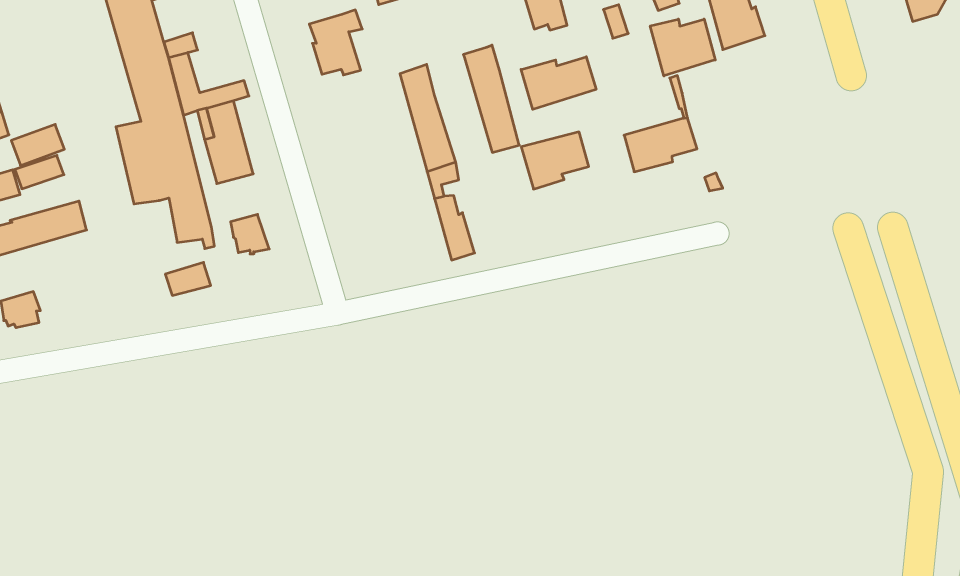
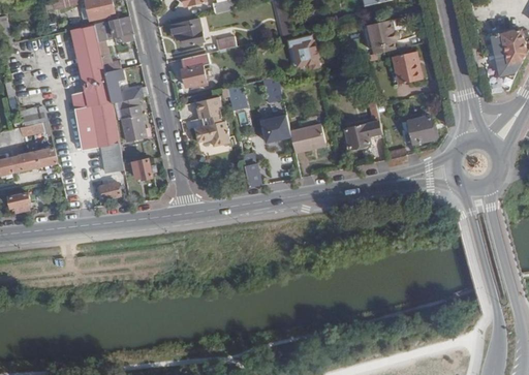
building: [650,19,715,76] -> none
building: [521,57,596,109] -> none
building: none -> [193,96,229,147]
building: none -> [407,116,434,144]

